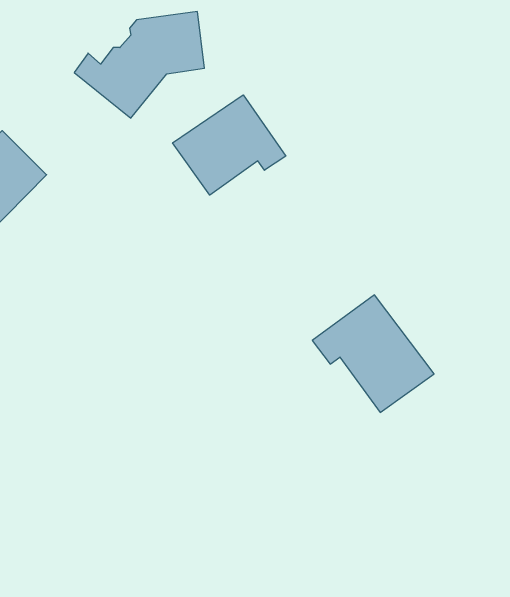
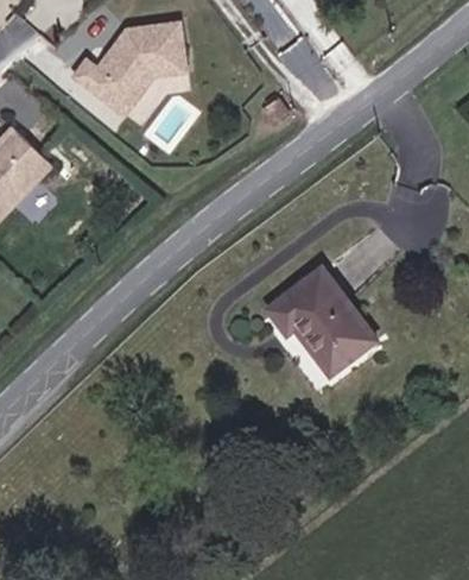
building: [173,95,286,195] -> none

